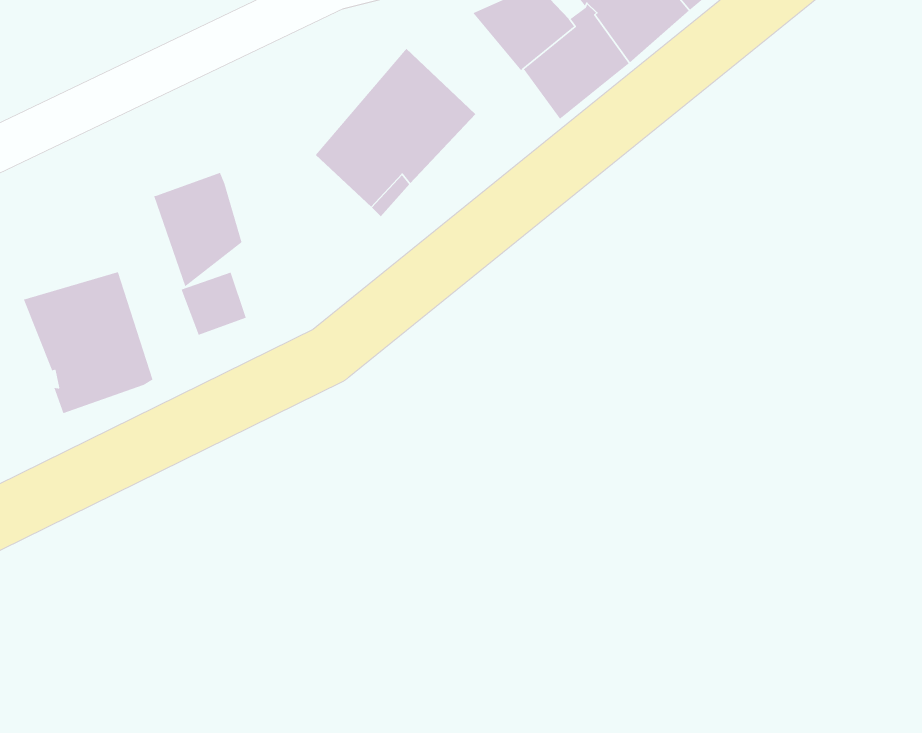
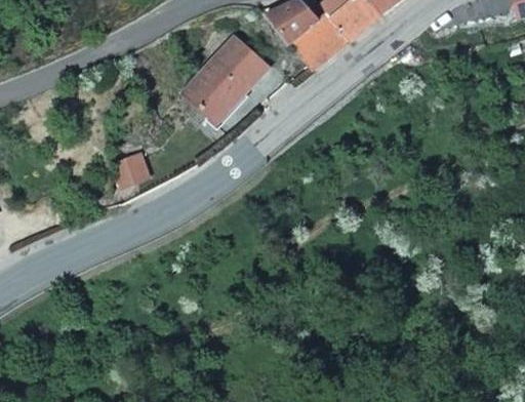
building: [153,172,242,288] -> none
building: [23,271,153,414] -> none

